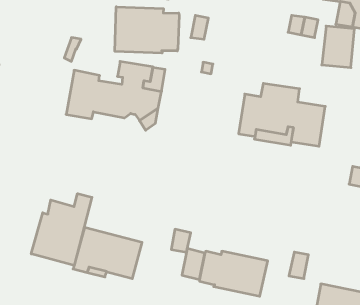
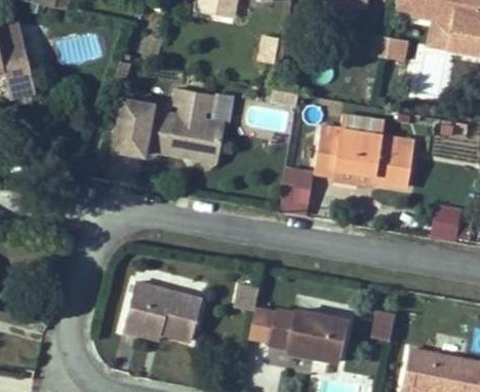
building: [115,7,179,53] -> none
building: none -> [281,168,313,203]
building: [31,194,92,266] -> none

